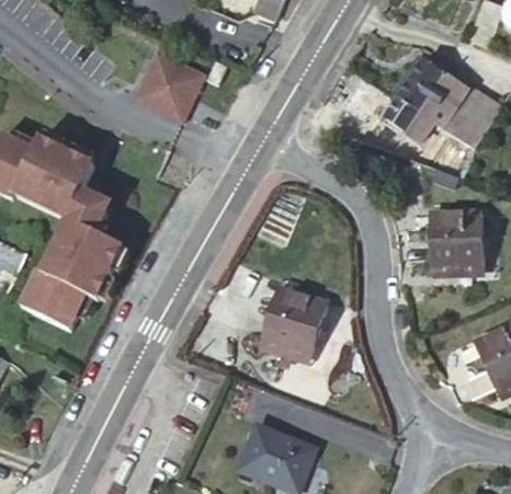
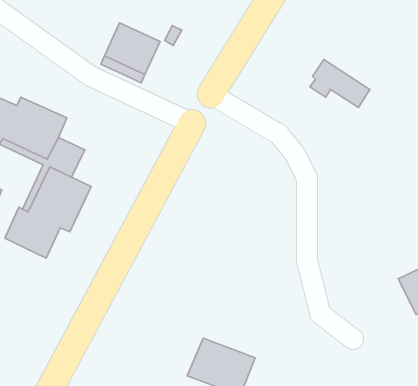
building: [396,57,490,147] -> none
building: [429,206,481,264] -> none
building: [259,283,326,348] -> none

